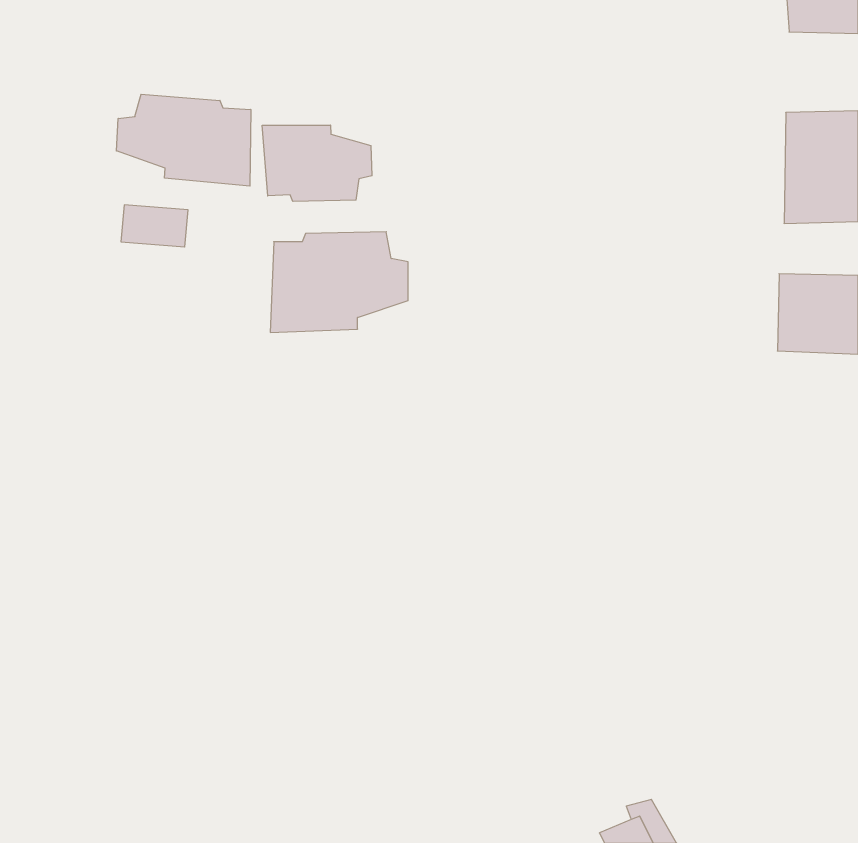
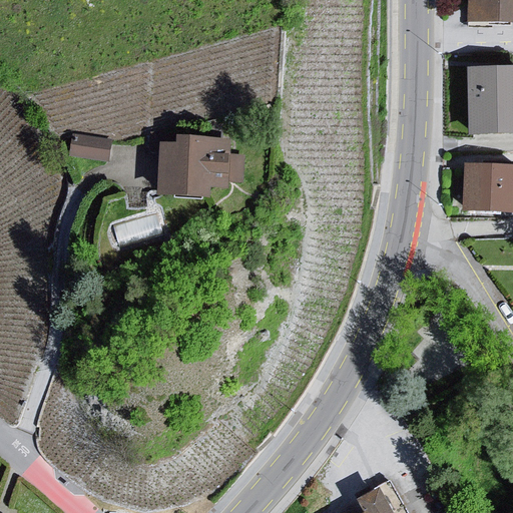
building: [116,94,251,186] -> none
building: [262,125,372,201] -> none

